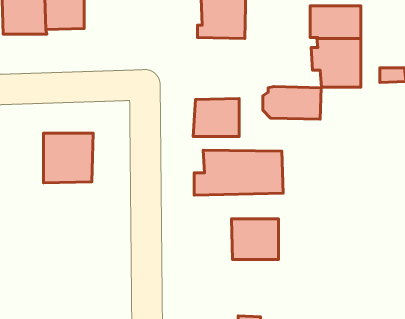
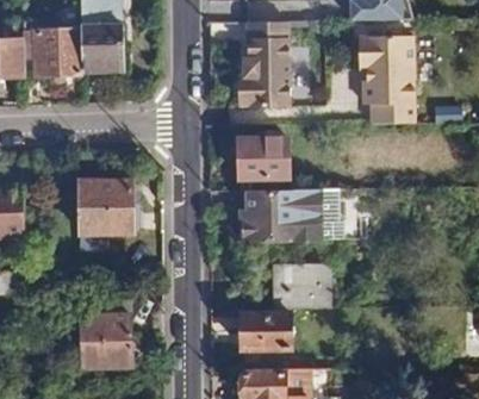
building: [263,87,321,119] -> [231,75,293,110]
building: none -> [81,291,132,364]
building: none -> [243,316,290,353]

